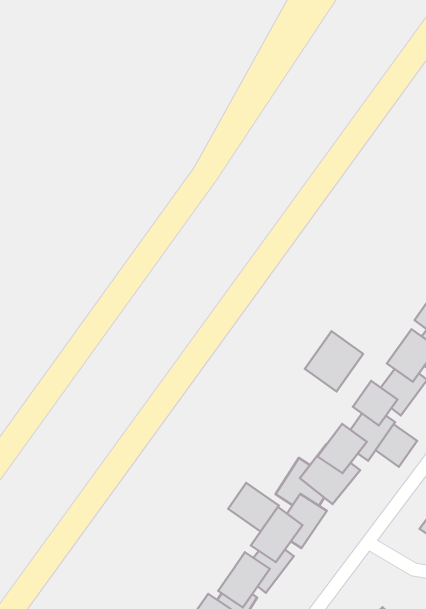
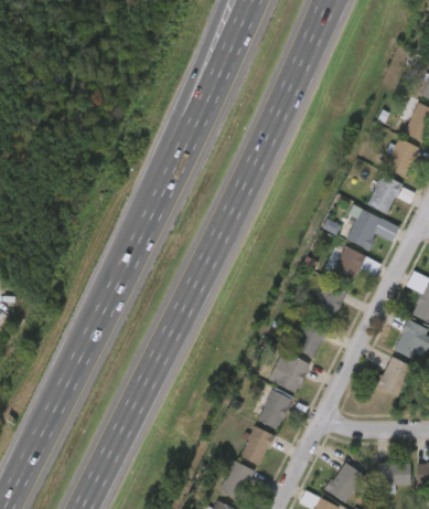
building: [305,331,363,392] -> none
building: [375,424,417,467] -> none
building: [228,483,279,531] -> none

